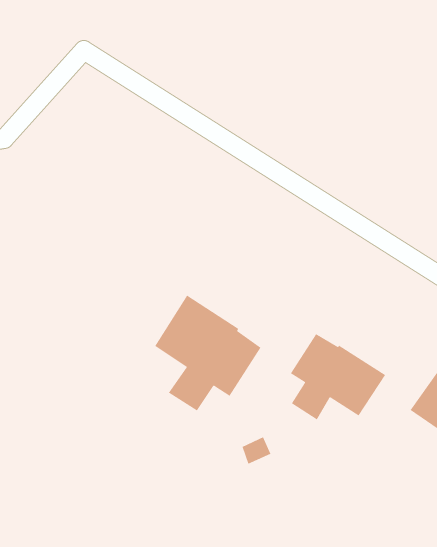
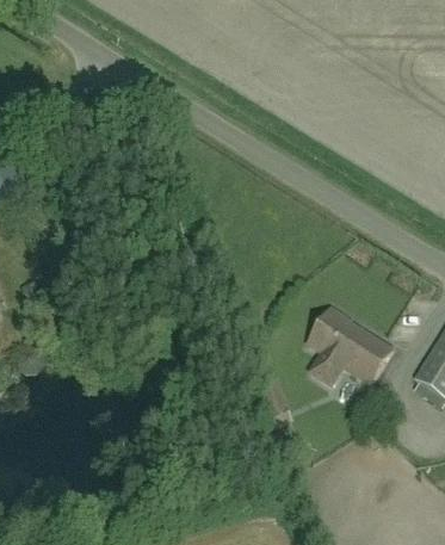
building: [154,295,262,412] -> none

